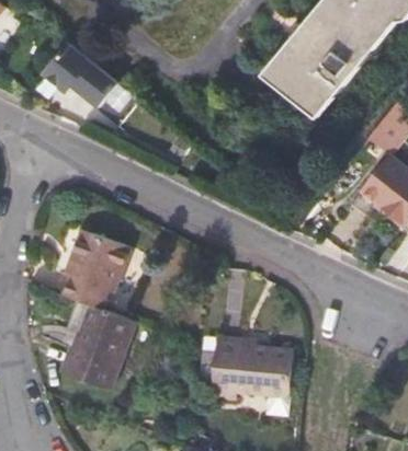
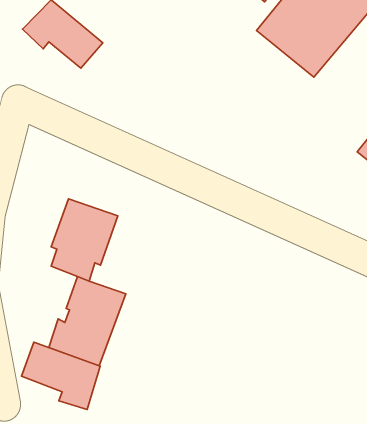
building: [213,338,293,398] -> none
building: none -> [22,342,100,409]

